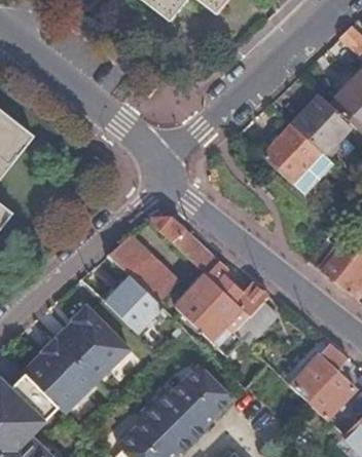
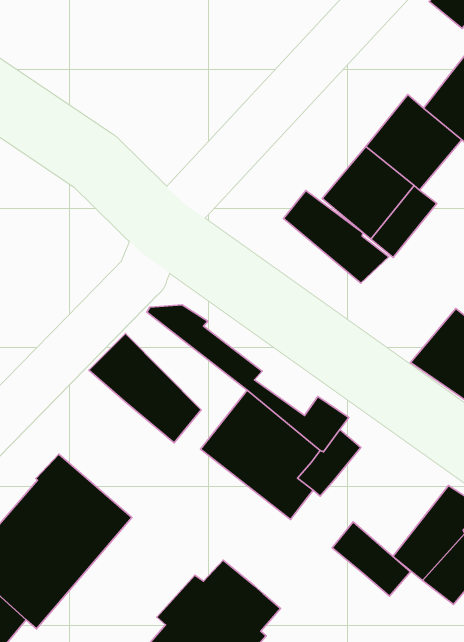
building: none -> [284,191,389,283]
building: [104,277,161,334] -> none
building: [183,365,231,413] -> [332,522,411,596]

